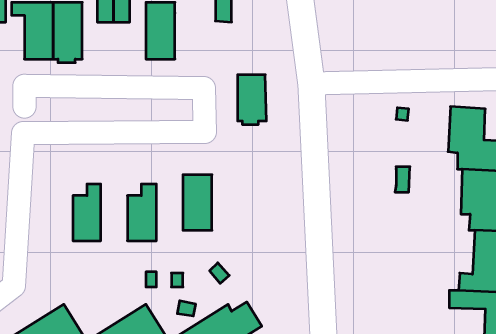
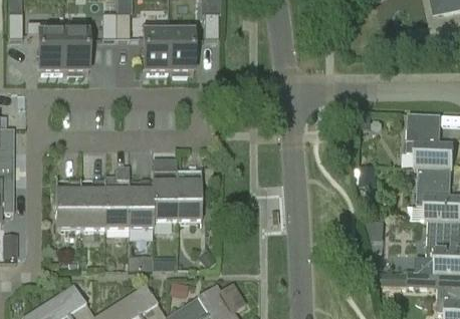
building: [238,75,266,124] -> [170,31,195,74]
building: none -> [105,167,129,229]
building: none -> [154,172,177,220]
building: none -> [56,181,81,229]

